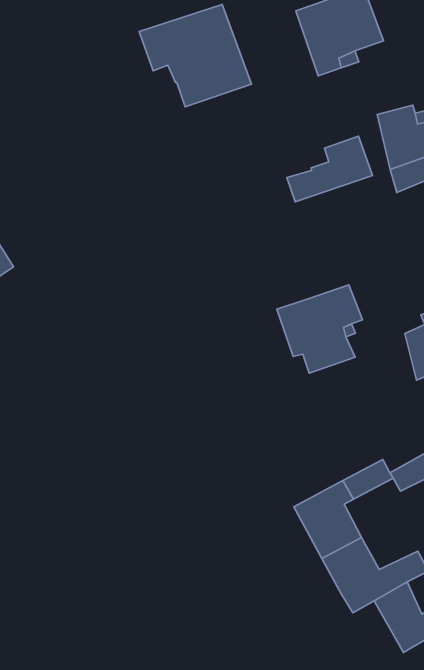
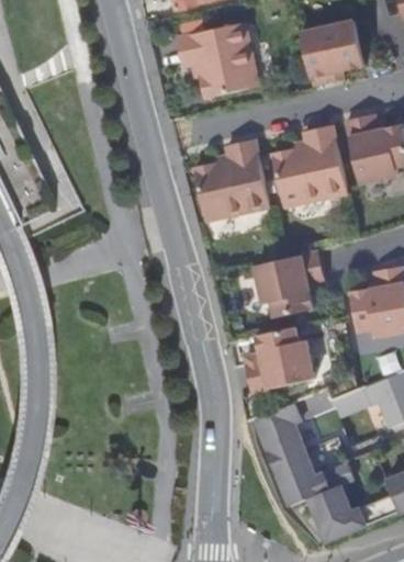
building: none -> [190,139,269,221]
building: none -> [278,168,346,209]
building: none -> [245,327,315,393]

